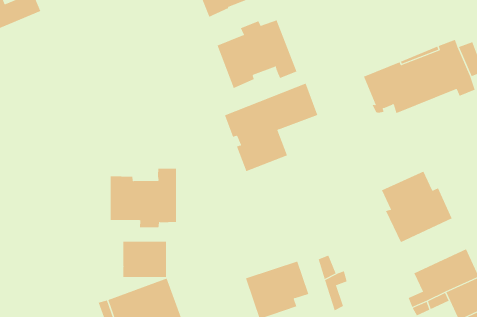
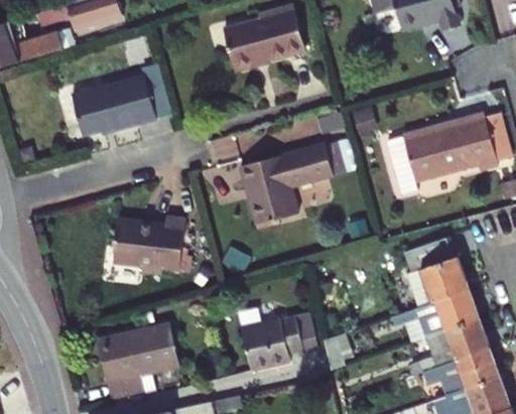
building: [217,20,297,89] -> none
building: none -> [73,74,160,135]
building: none -> [390,291,472,341]
building: [123,241,167,278] -> none

